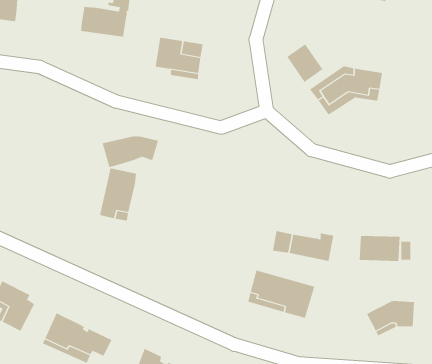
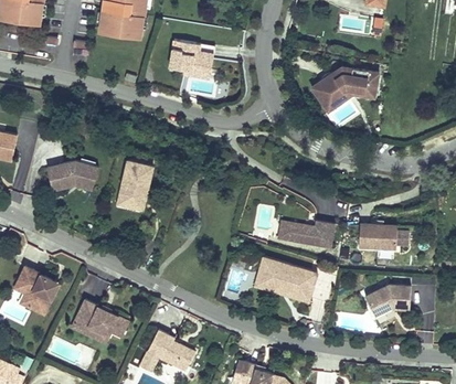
building: [287,43,323,83] -> none
building: [102,136,159,168] -> [44,161,97,191]

